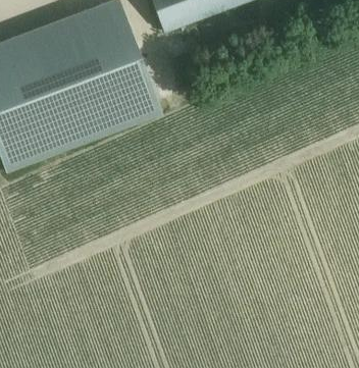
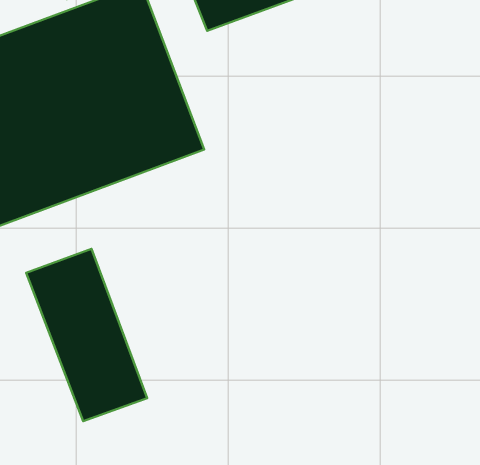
building: none -> [26,249,147,421]

